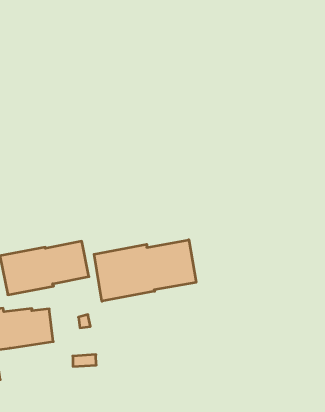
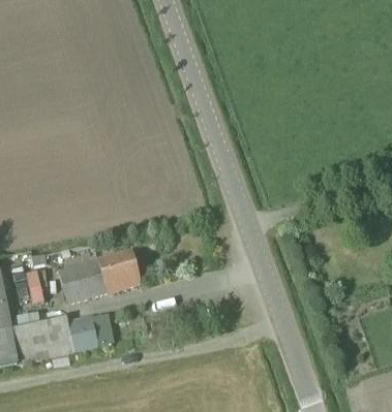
building: [94,240,196,301] -> none

